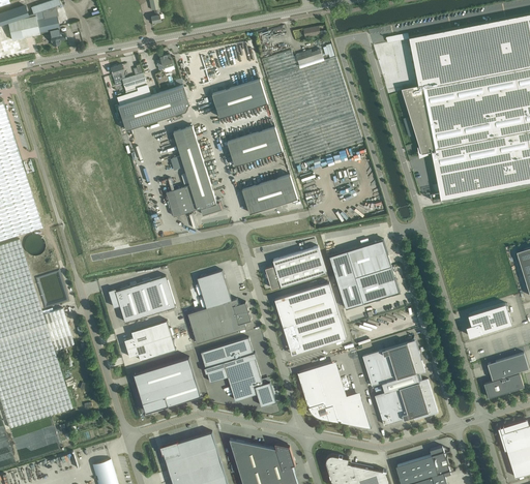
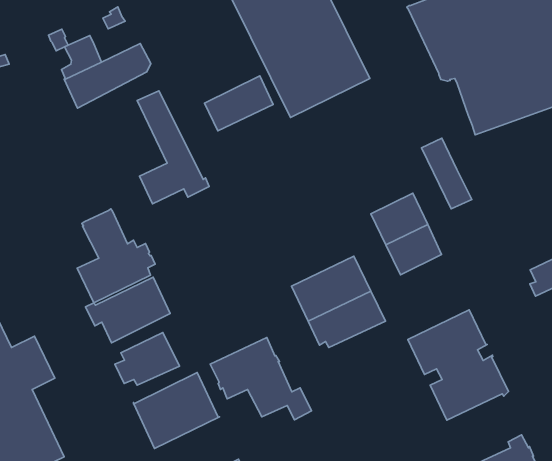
building: [211,80,267,119] -> none
building: [241,176,297,214] -> none
building: [265,247,325,290] -> none
building: [329,251,363,309] -> [421,138,472,209]
building: [187,271,251,344] -> [77,209,155,303]
building: [297,364,370,429] -> none

